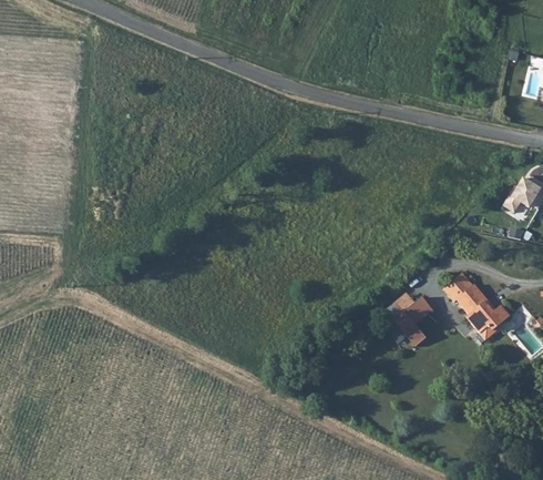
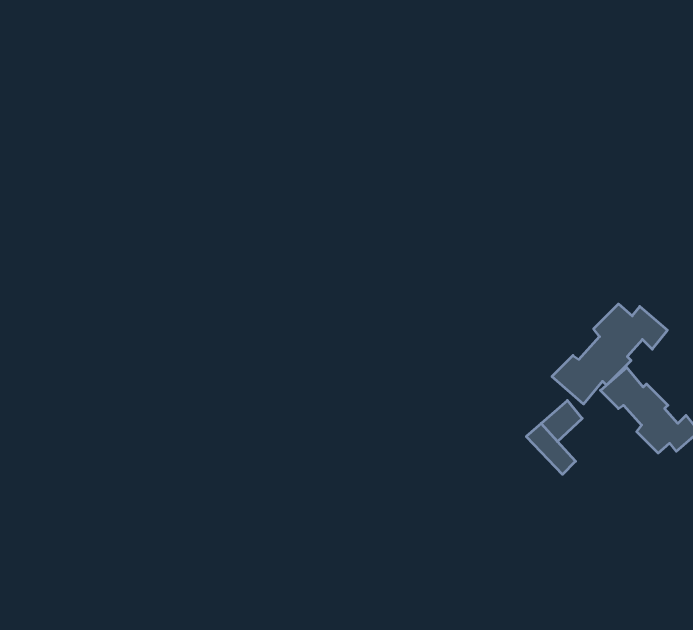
building: none -> [552,304,667,404]

